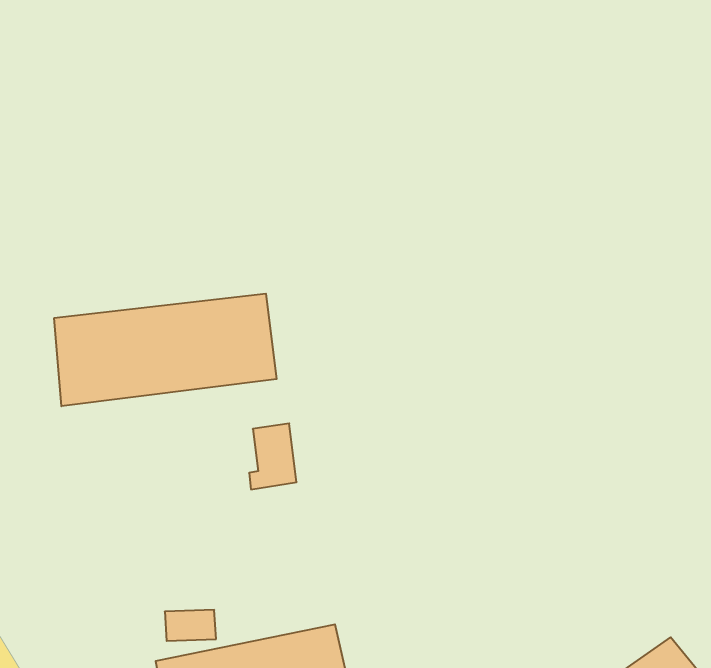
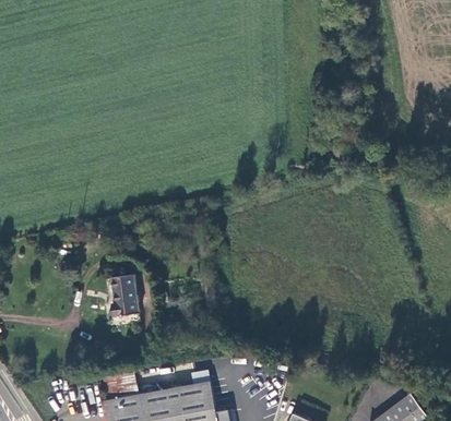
building: [54,294,277,406] -> none
building: [249,423,297,489] -> [114,282,142,322]

